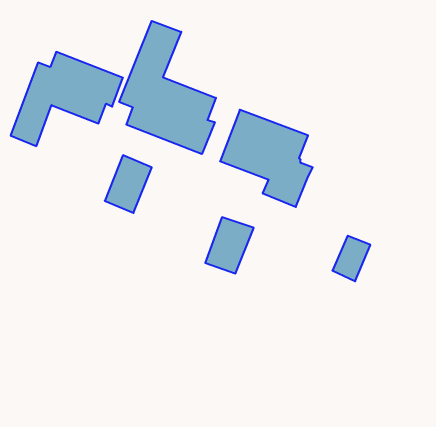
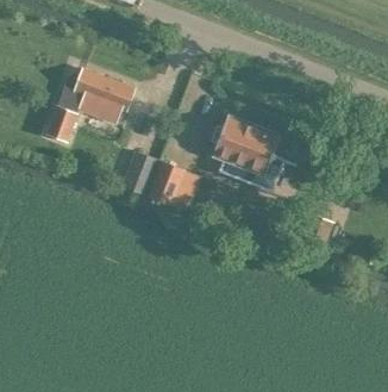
building: [119,21,216,154] -> none
building: [205,217,254,273] -> [146,160,184,204]

